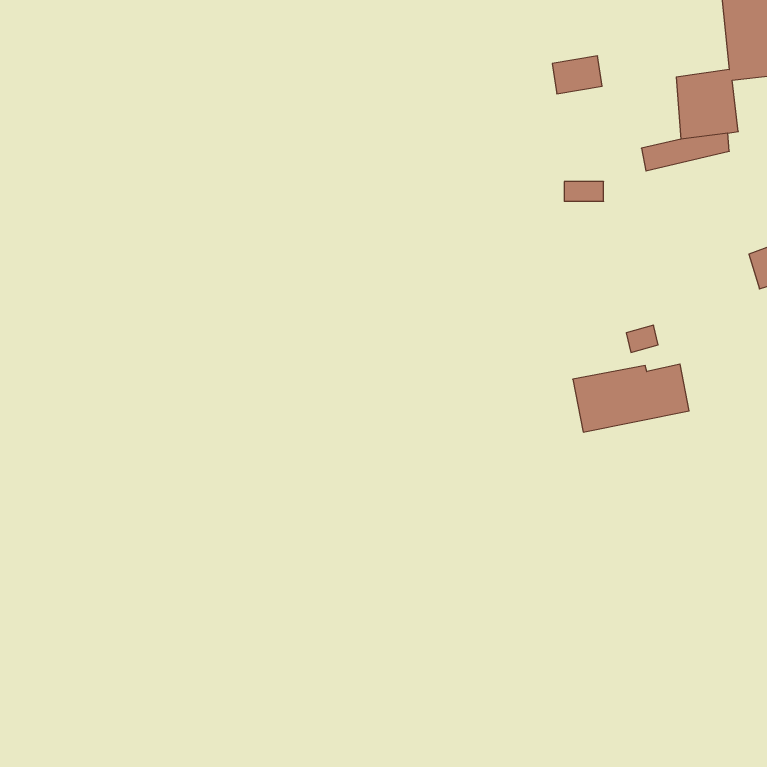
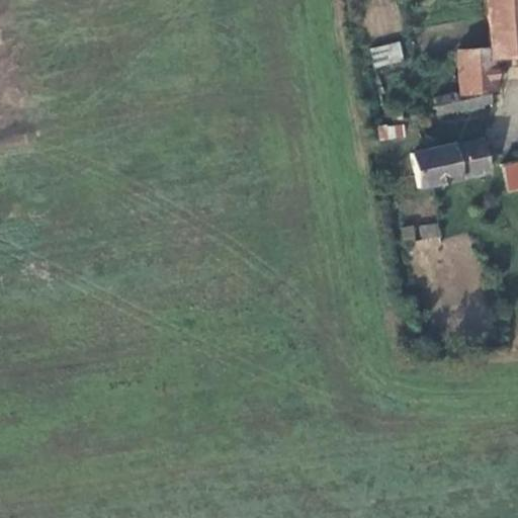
building: [573,364,689,432] -> [413,142,491,187]

